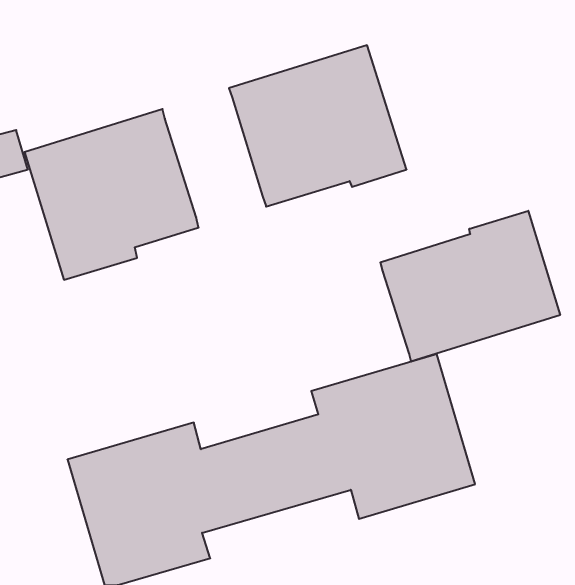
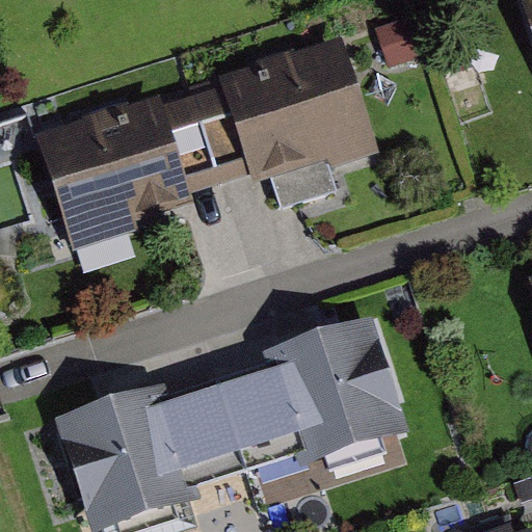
building: none -> [148,87,235,194]
building: [380,211,560,362] -> none

